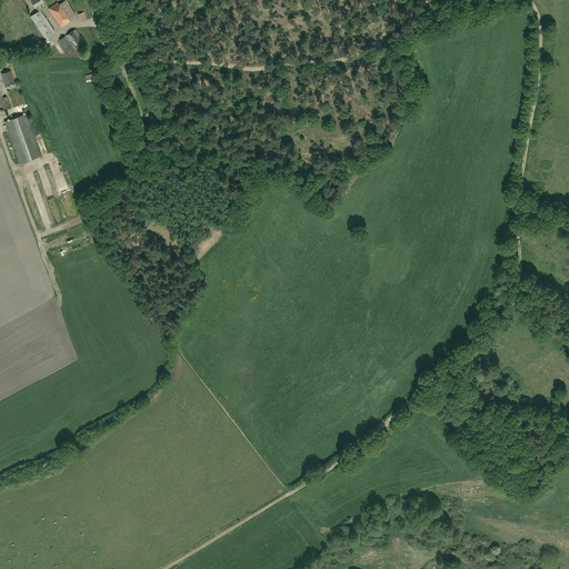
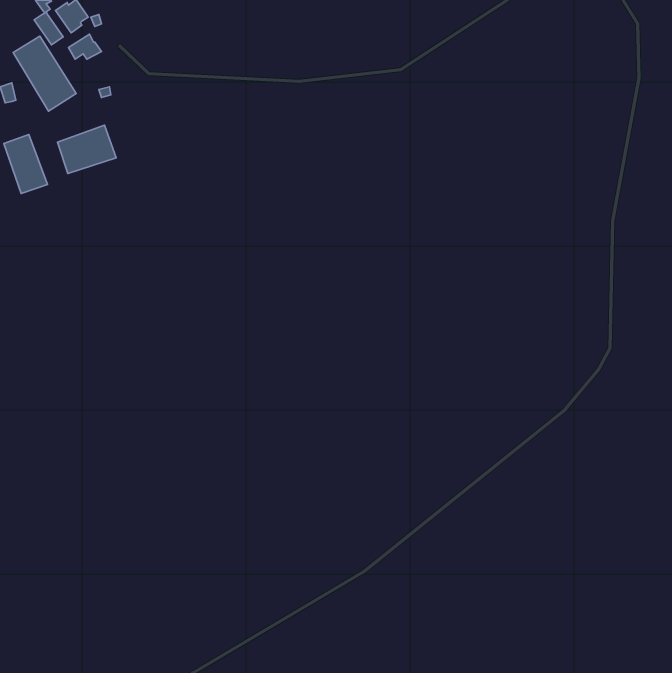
building: none -> [13,36,76,111]
building: none -> [57,125,116,173]

